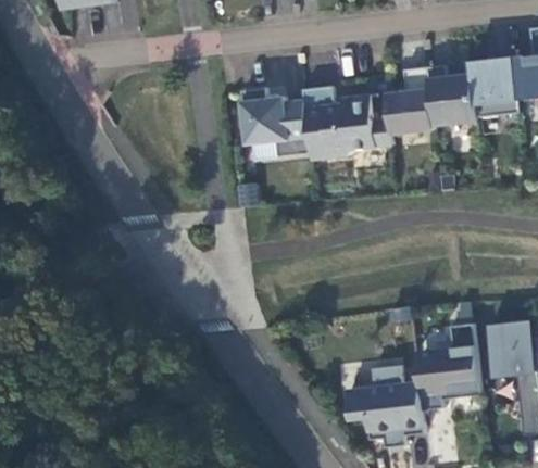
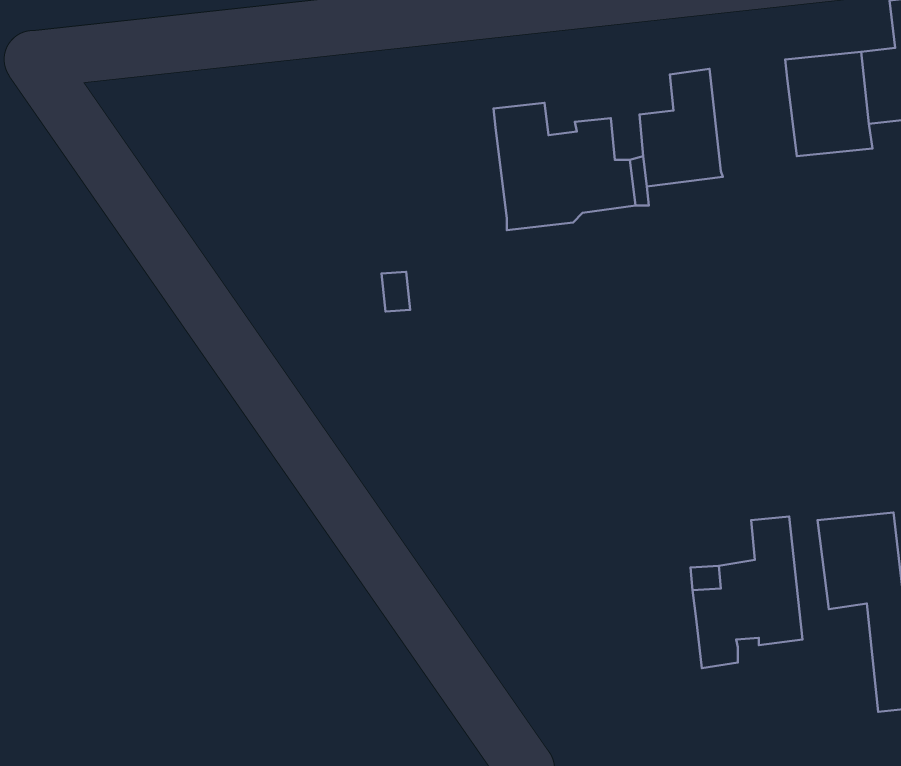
building: [426,64,476,125] -> none
building: [241,88,310,156] -> none
building: [348,365,424,446] -> none

